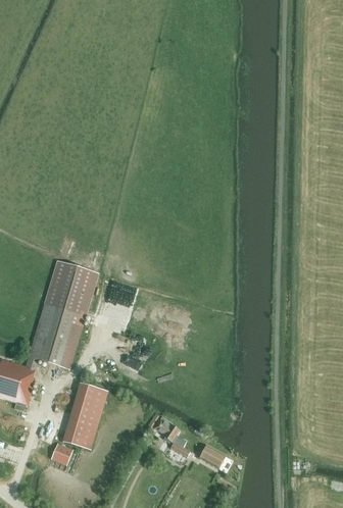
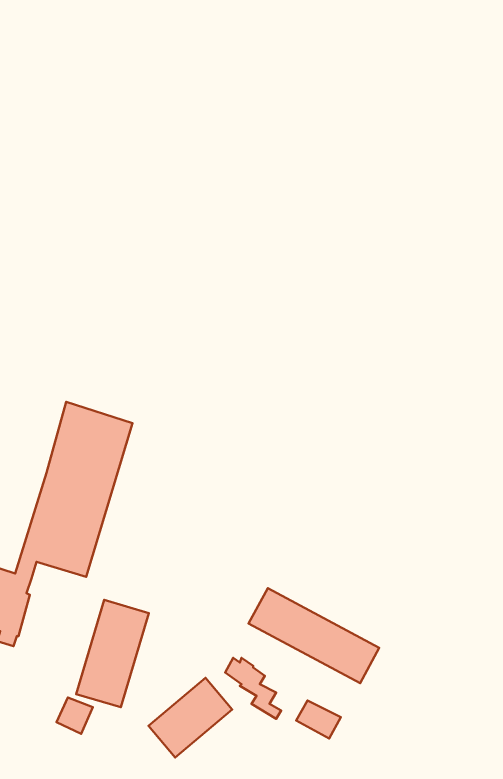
building: none -> [249,588,379,683]
building: none -> [149,678,232,757]

